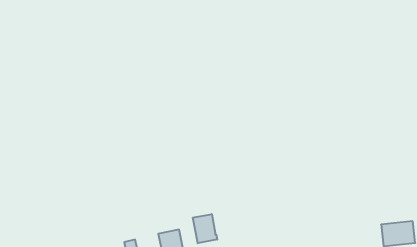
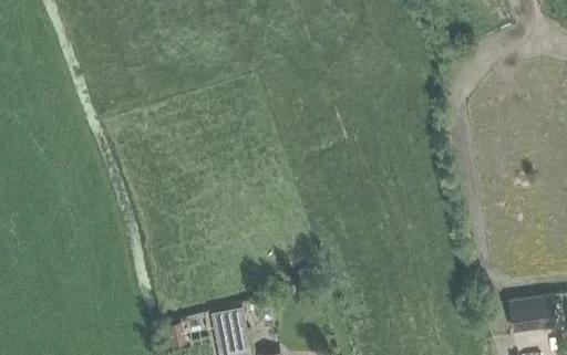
building: [193,214,217,243] -> none

